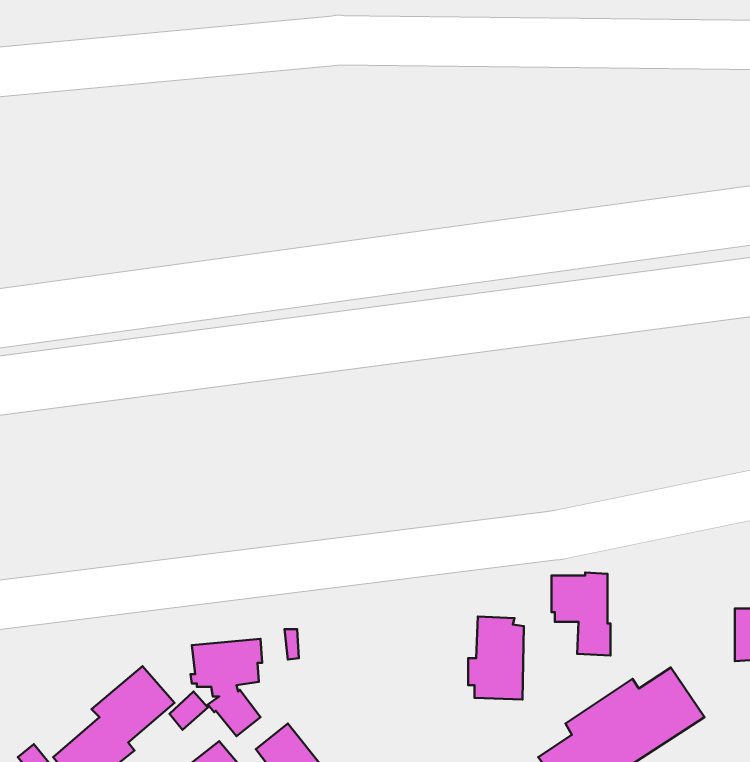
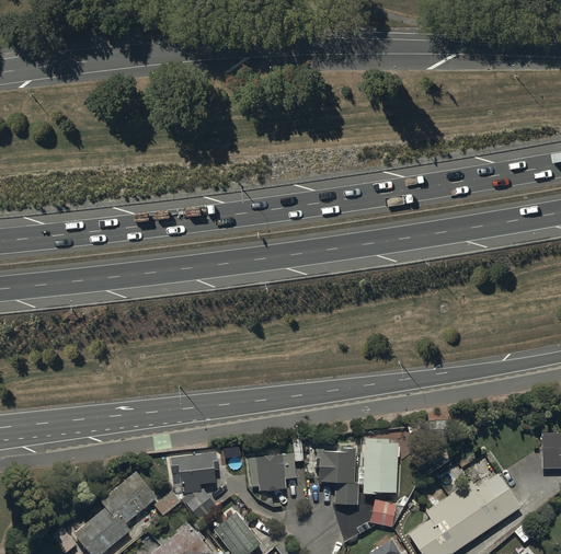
building: [552,572,611,655] -> [317,448,357,505]
building: none -> [250,455,296,492]
building: none -> [371,499,396,526]

